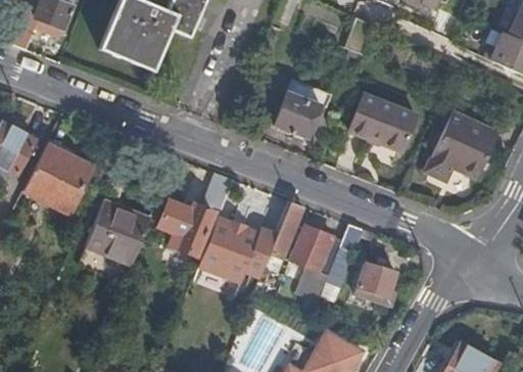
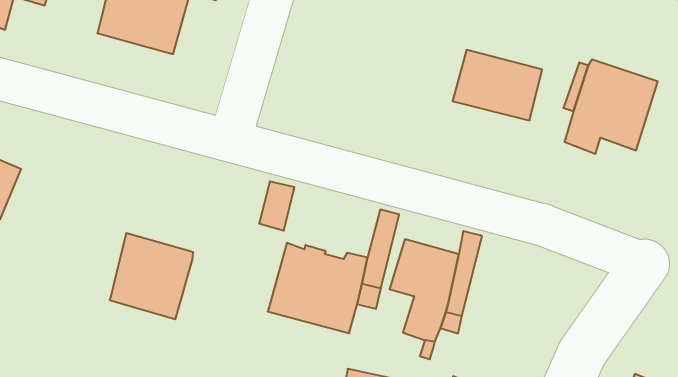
building: [273,79,331,139] -> none
building: [23,141,95,215] -> none
building: [149,197,215,254] -> none
building: [353,264,397,308] -> none

